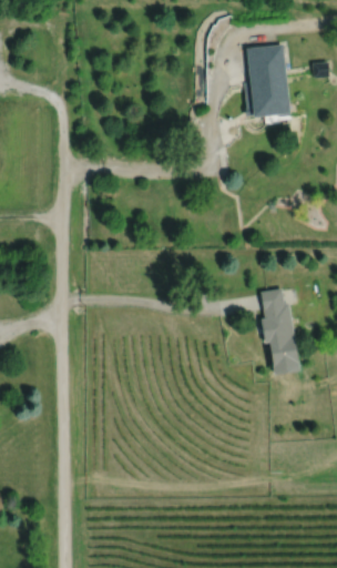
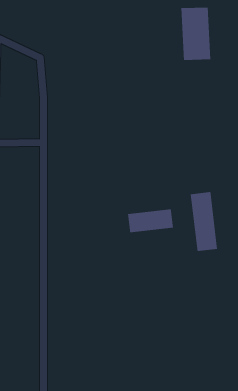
building: none -> [128,208,174,233]

